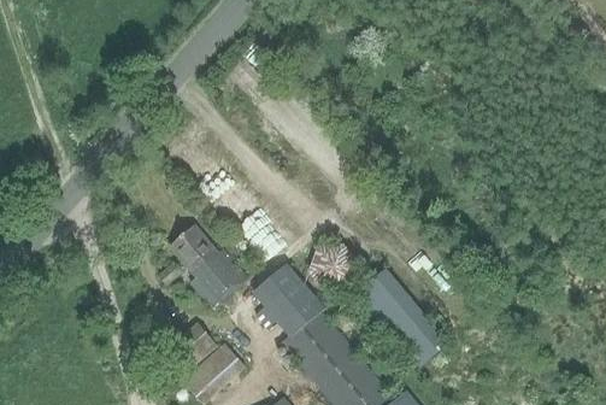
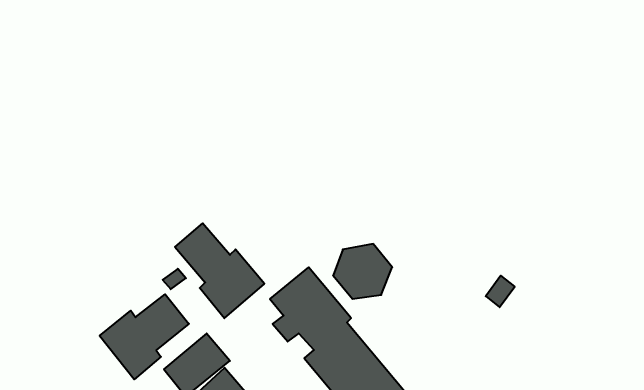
building: [361,264,454,365] -> none
building: none -> [100,294,189,379]

